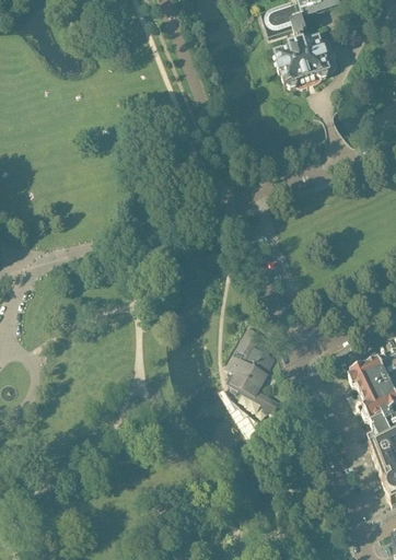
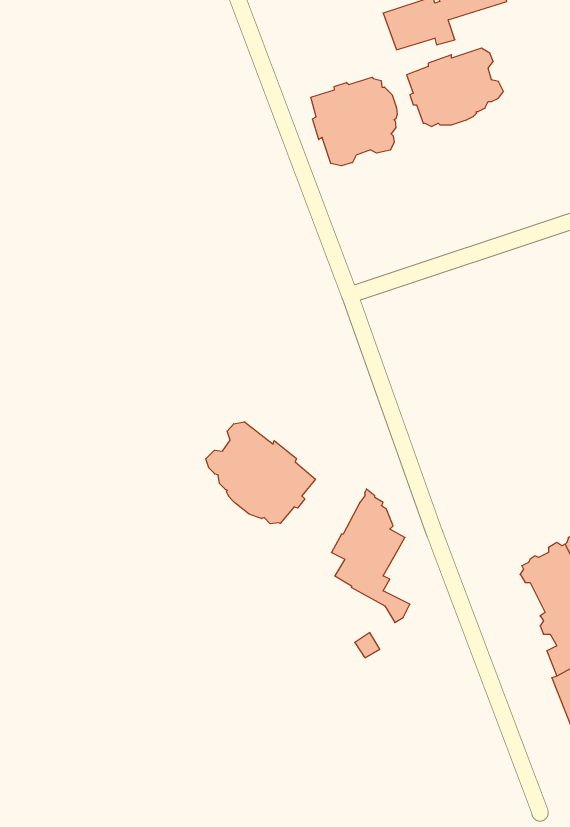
building: none -> [311,77,397,166]
building: none -> [206,422,315,524]

